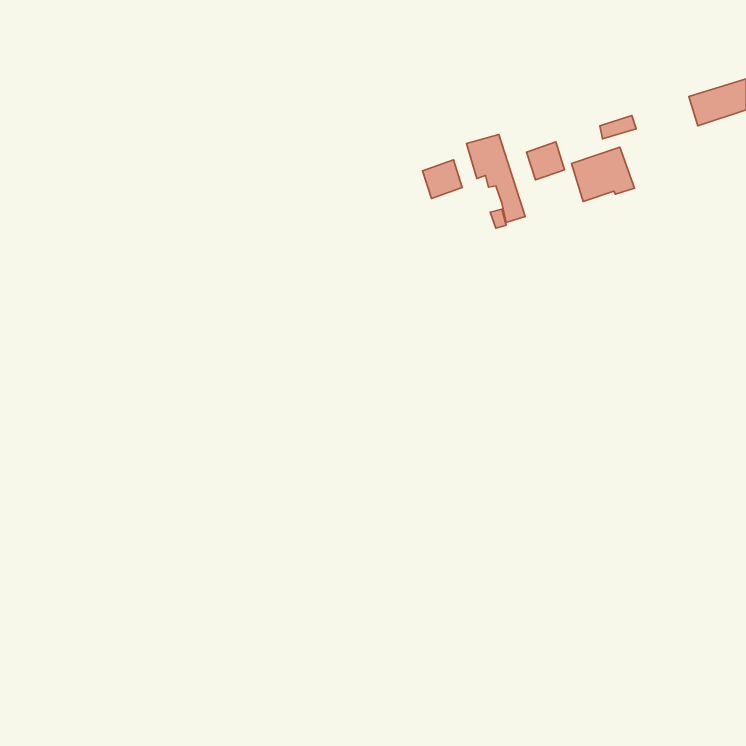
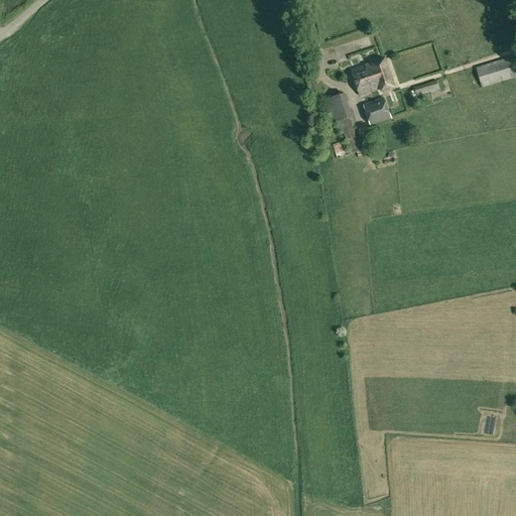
building: [572,147,634,201] -> [351,57,394,95]
building: [423,160,462,198] -> none

